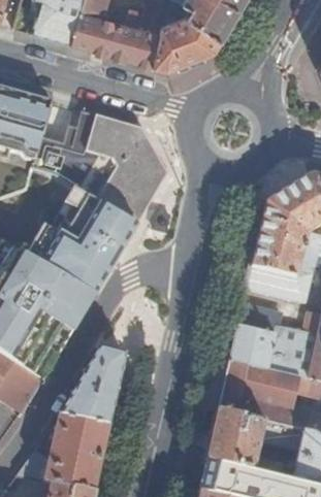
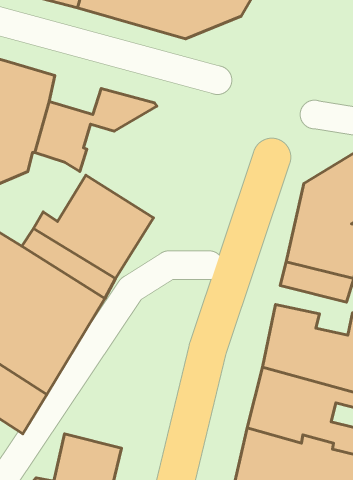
building: [73,129,169,226] -> none
building: [60,349,126,426] -> none

